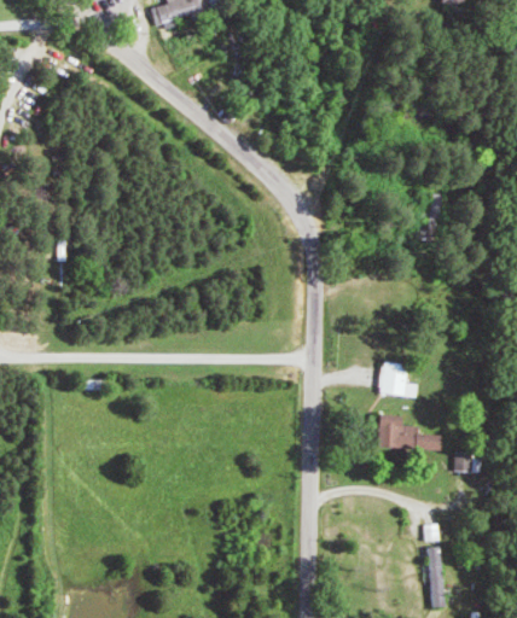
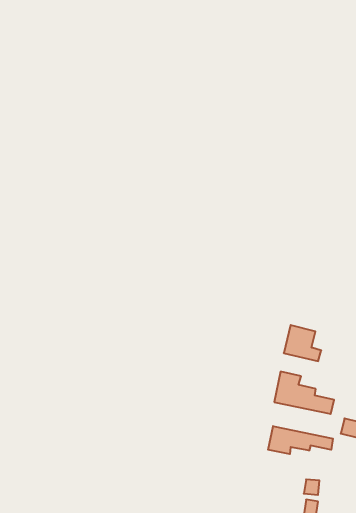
building: none -> [268,426,333,454]

